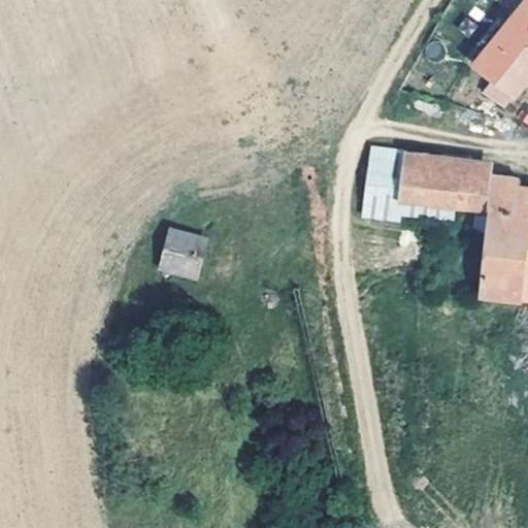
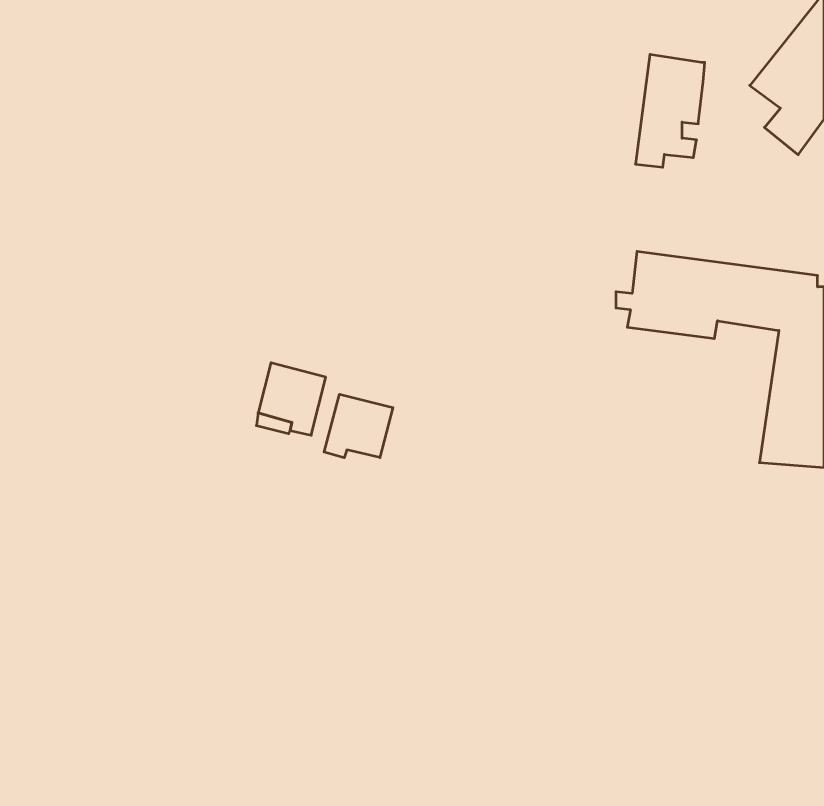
building: [364,143,408,216] -> [635,54,705,167]
building: none -> [324,394,393,458]

